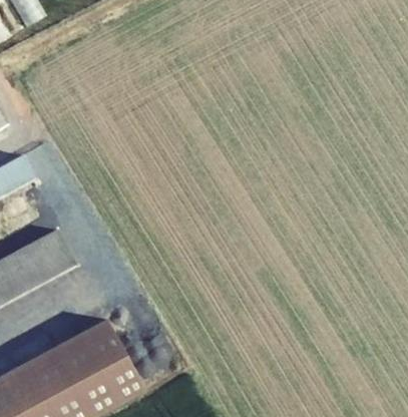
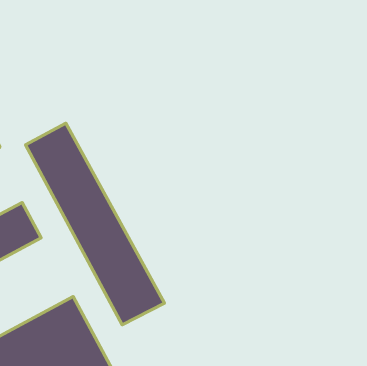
building: none -> [26,123,164,325]

